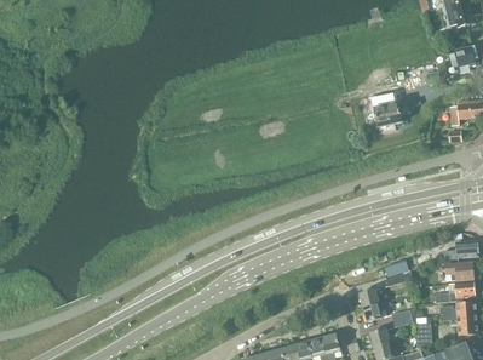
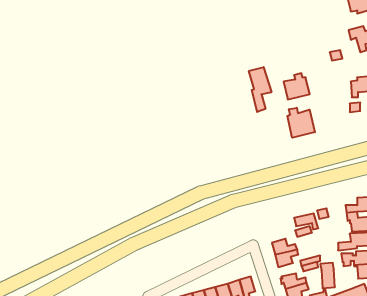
building: none -> [249,67,271,112]
building: none -> [287,108,315,138]

